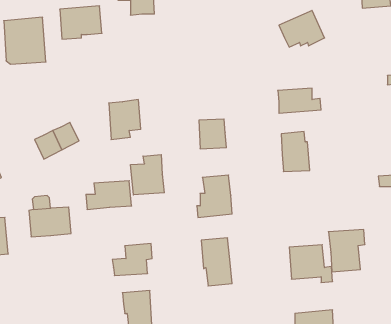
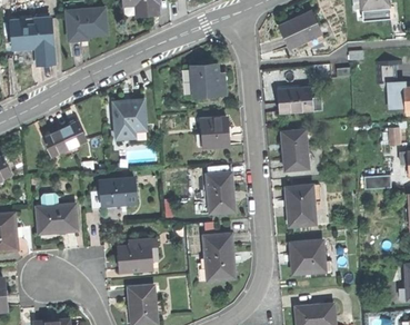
building: none -> [191,63,226,97]
building: [131,155,164,195] -> none
building: [328,230,365,272] -> [286,185,321,226]

